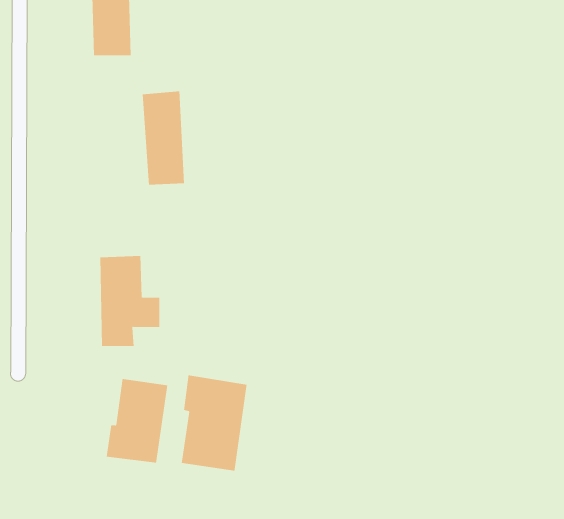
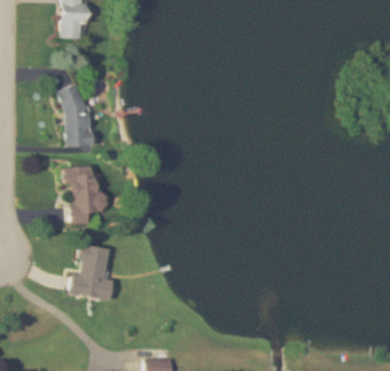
building: [142,91,185,185] -> [60,87,88,147]
building: [181,375,247,471] -> none

